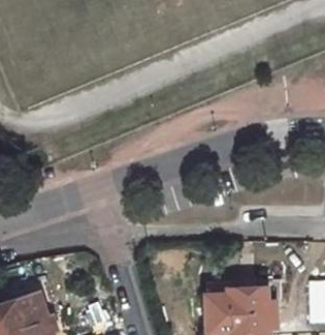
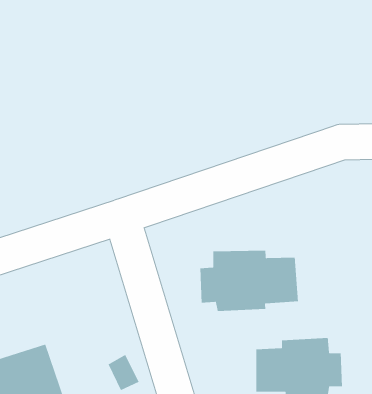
building: none -> [199,250,299,312]

